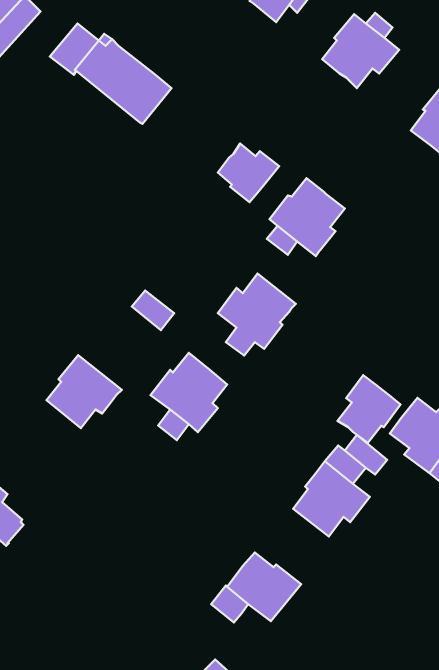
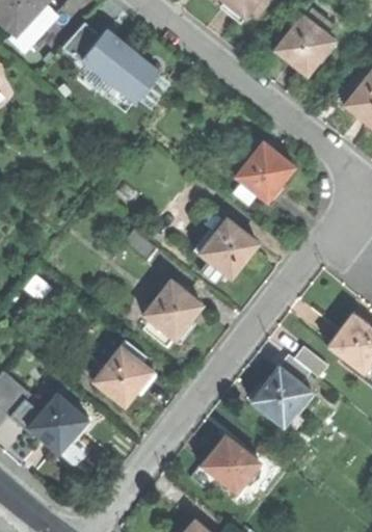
building: [218,144,279,202] -> none
building: [47,355,122,428] -> [96,346,155,403]
building: [338,375,401,443] -> none
building: none -> [29,393,90,454]

